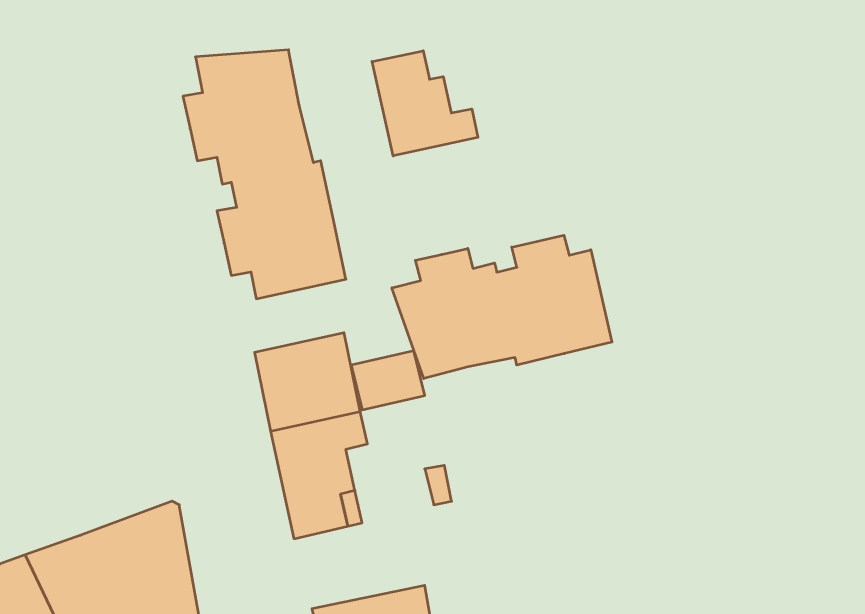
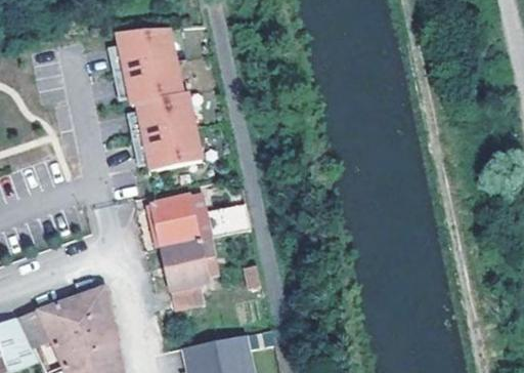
building: [372,51,478,156] -> none
building: [392,235,612,379] -> none

